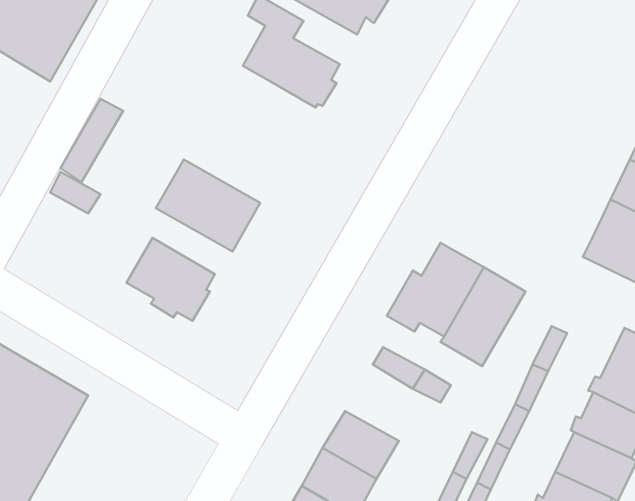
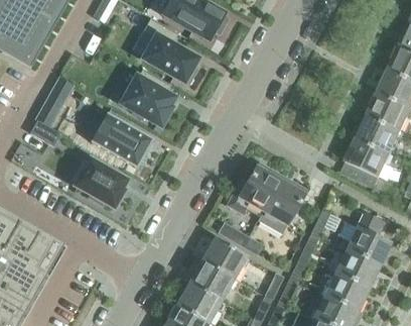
building: none -> [122,69,173,124]
building: none -> [201,236,246,277]

